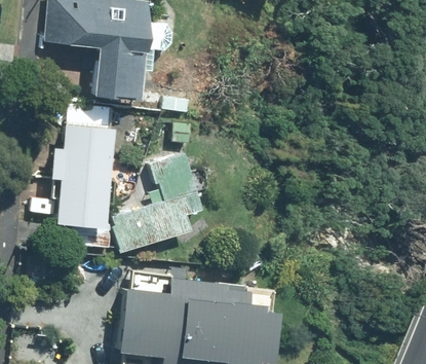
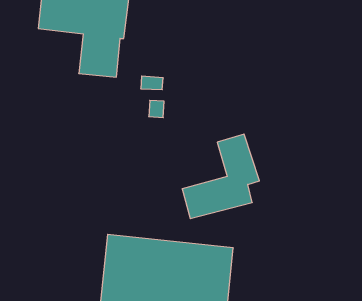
building: [55,125,113,226] -> none
building: [112,155,200,252] -> [182,134,259,219]

